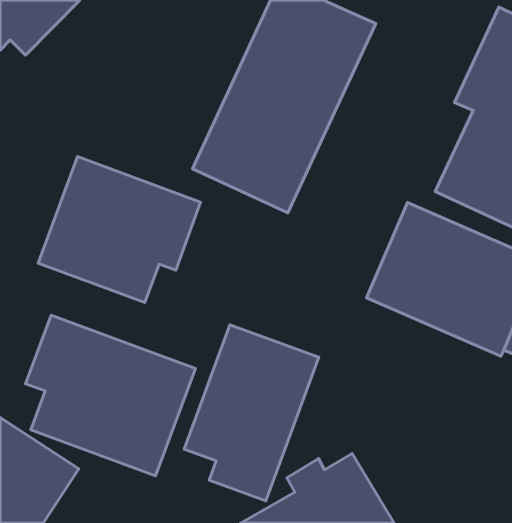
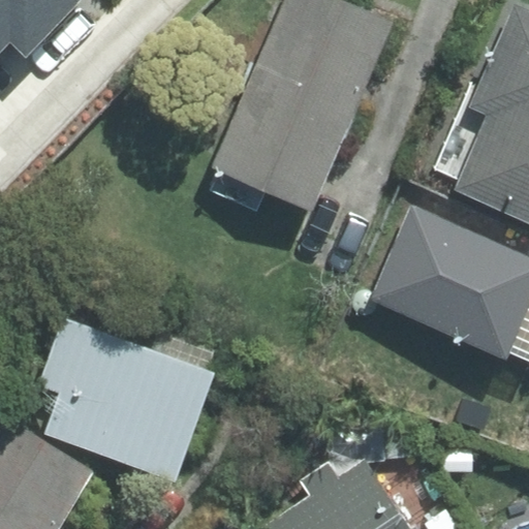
building: [38,157,201,303] -> none
building: [184,325,319,501] -> none

